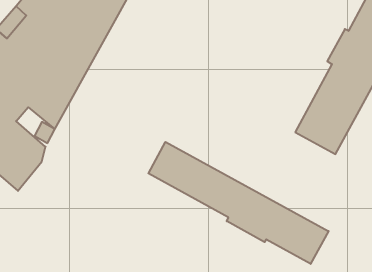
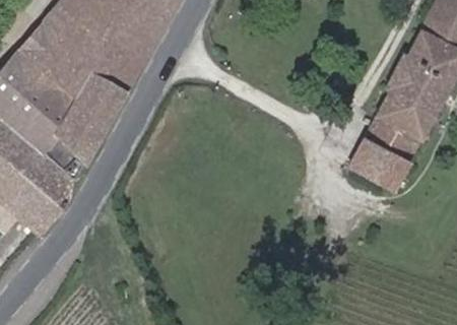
building: [148,142,329,264] -> none

